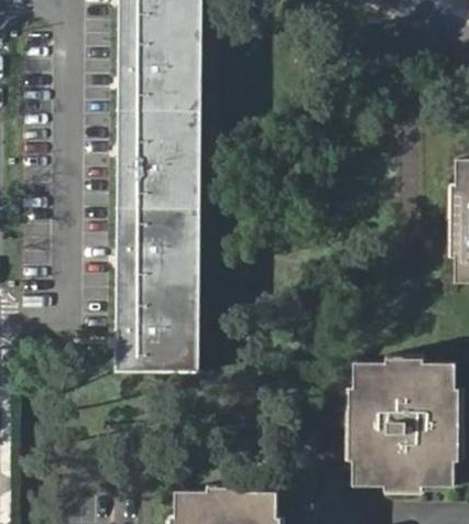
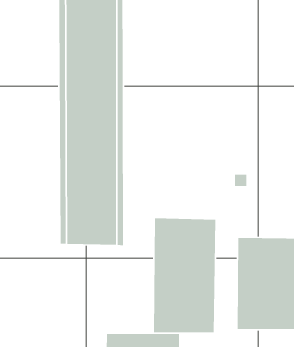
building: none -> [153,218,216,333]

